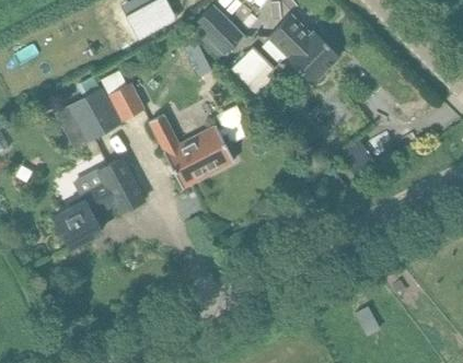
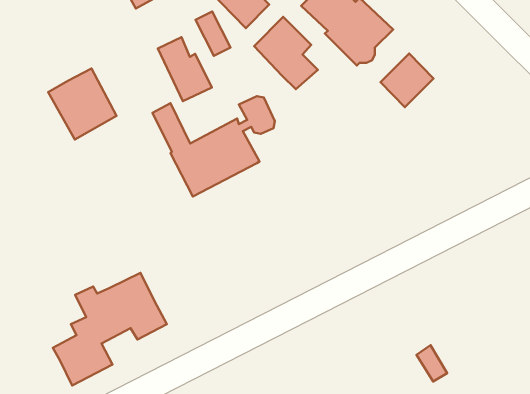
building: [101,70,143,120] -> [158,37,212,101]
building: none -> [380,53,434,107]
building: [53,160,142,248] -> [53,273,167,385]

